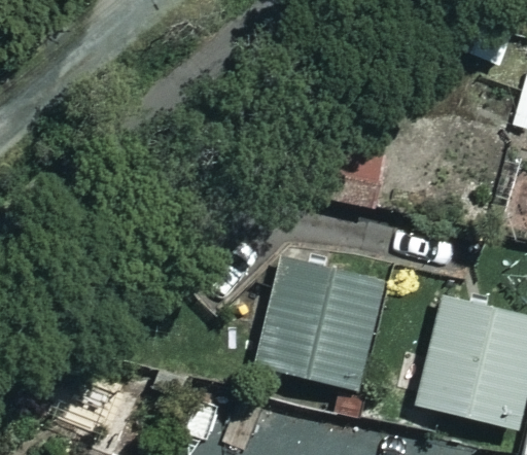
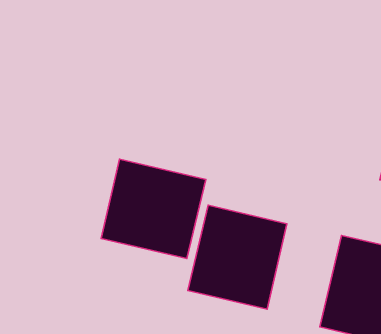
building: none -> [101,159,206,258]

